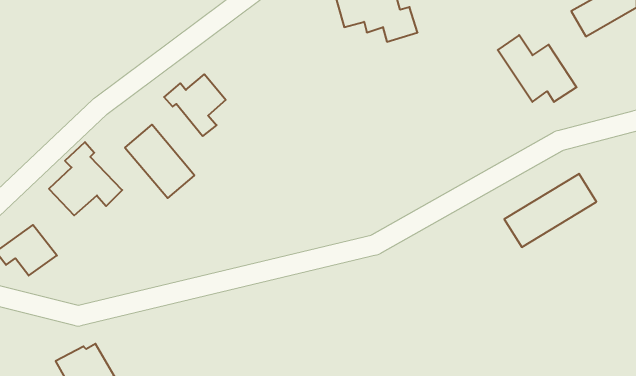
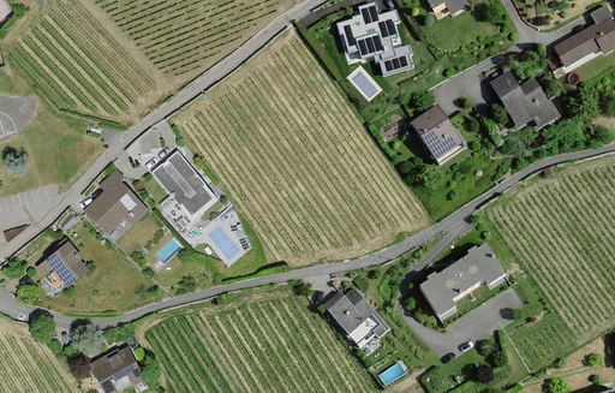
building: [164,74,226,136] -> none
building: none -> [411,106,466,168]
building: [504,174,596,247] -> [420,245,503,311]
building: none -> [324,287,389,344]

